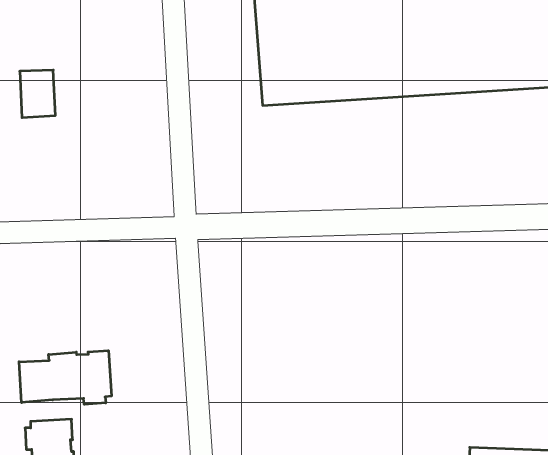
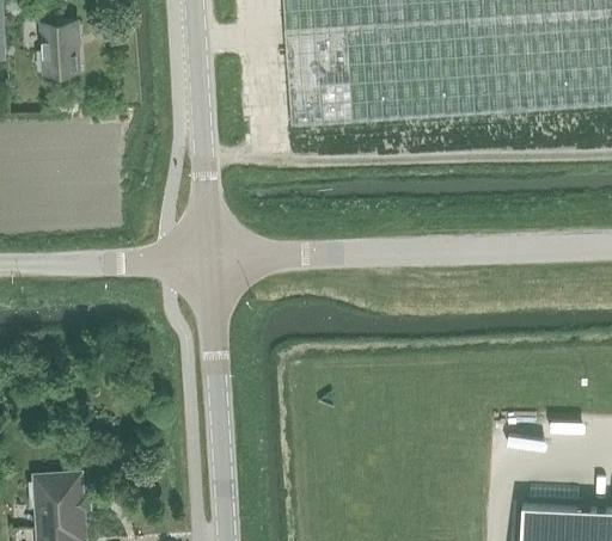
building: [20,70,55,118] -> [42,19,81,72]
building: [19,351,111,404] -> none

